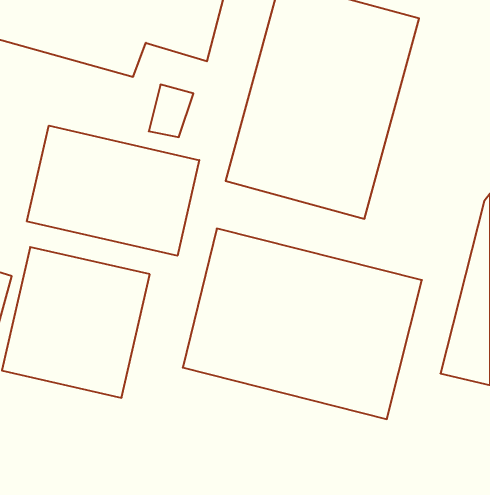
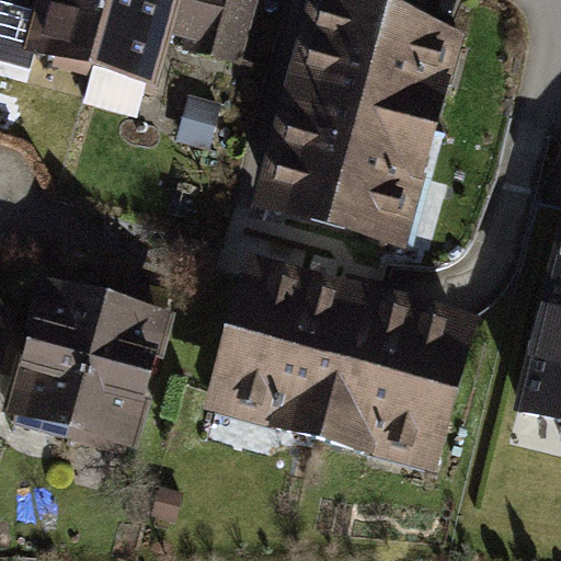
building: [27,126,199,256] -> none

